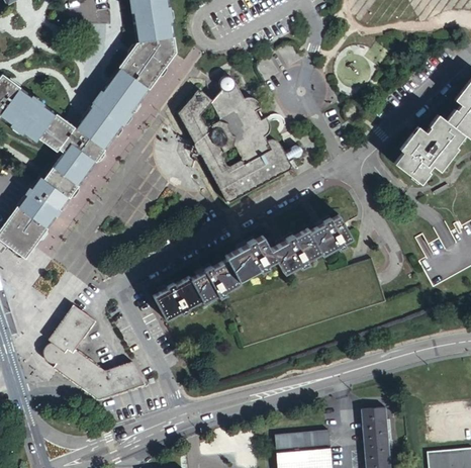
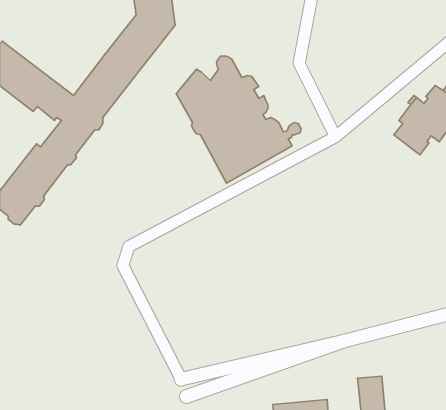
building: [155,211,350,318] -> none
building: [42,306,144,397] -> none

